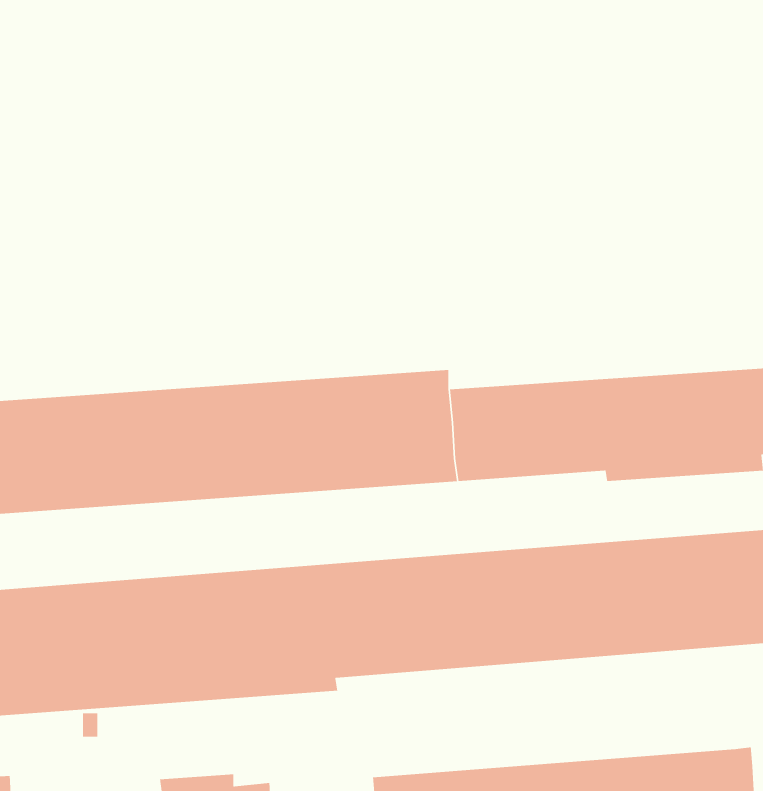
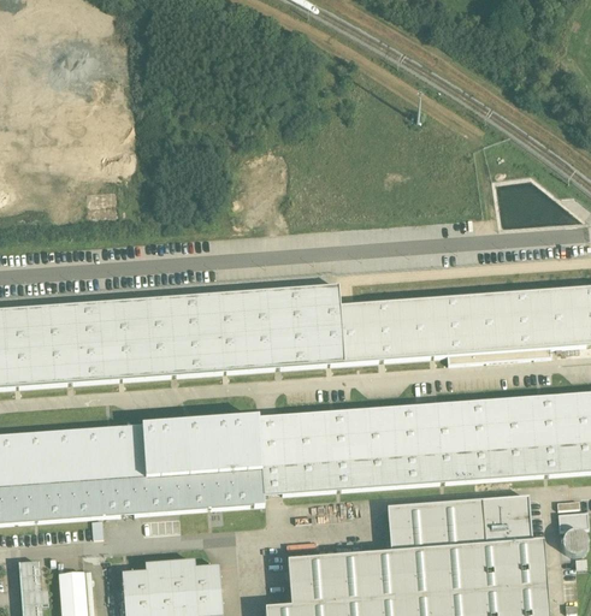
building: none -> [386,496,532,552]

